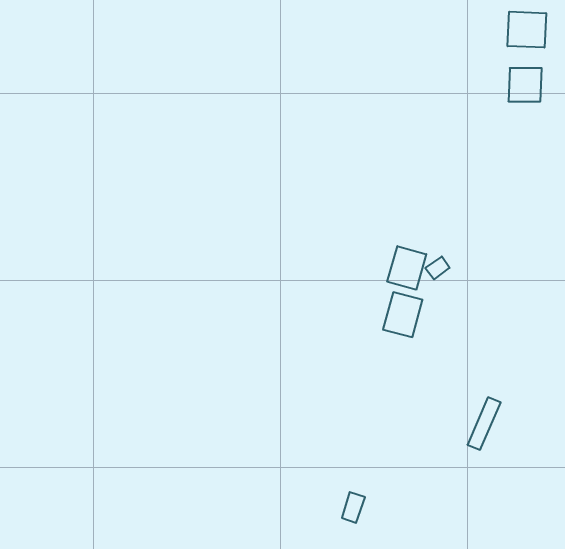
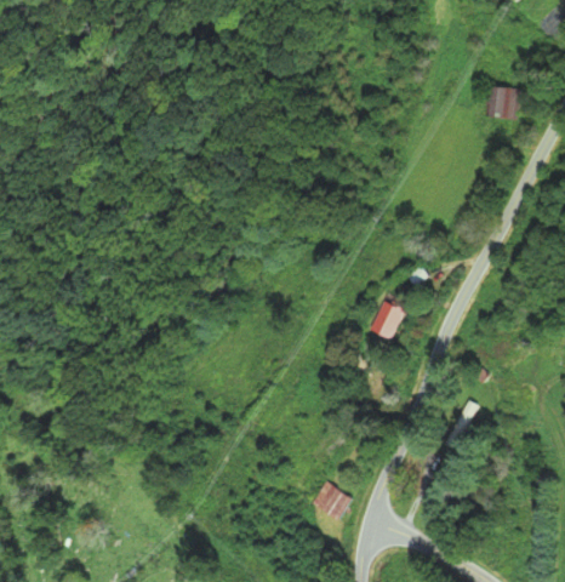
building: [508,12,546,48] -> none
building: [387,246,426,290] -> none

